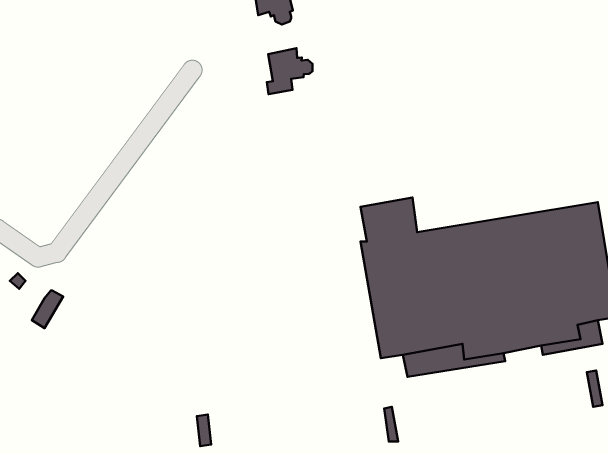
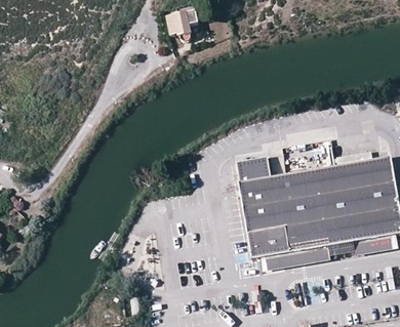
building: [267,48,313,94] -> none

